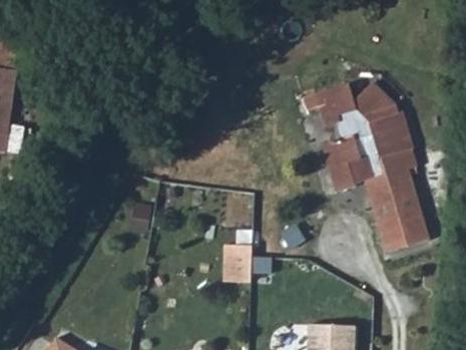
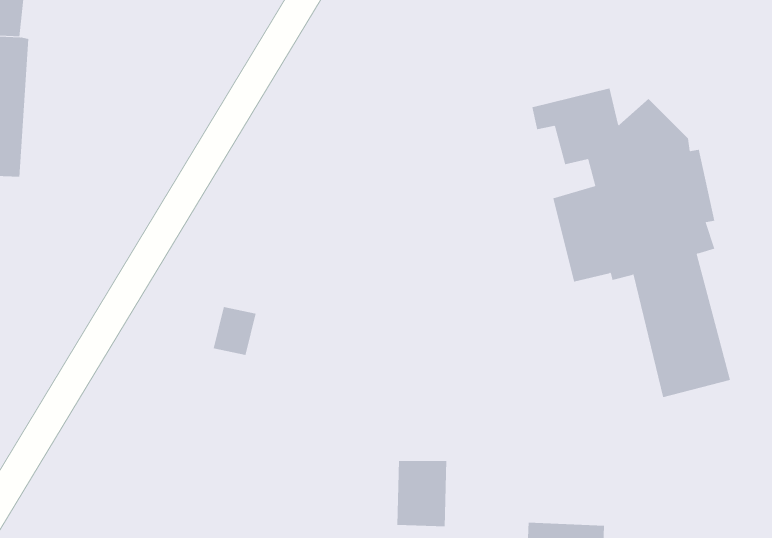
building: [221,243,251,281] -> [396,460,447,527]

